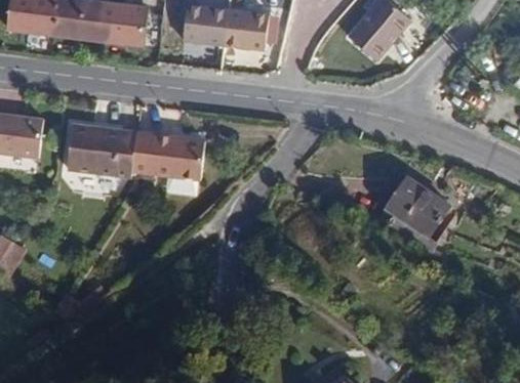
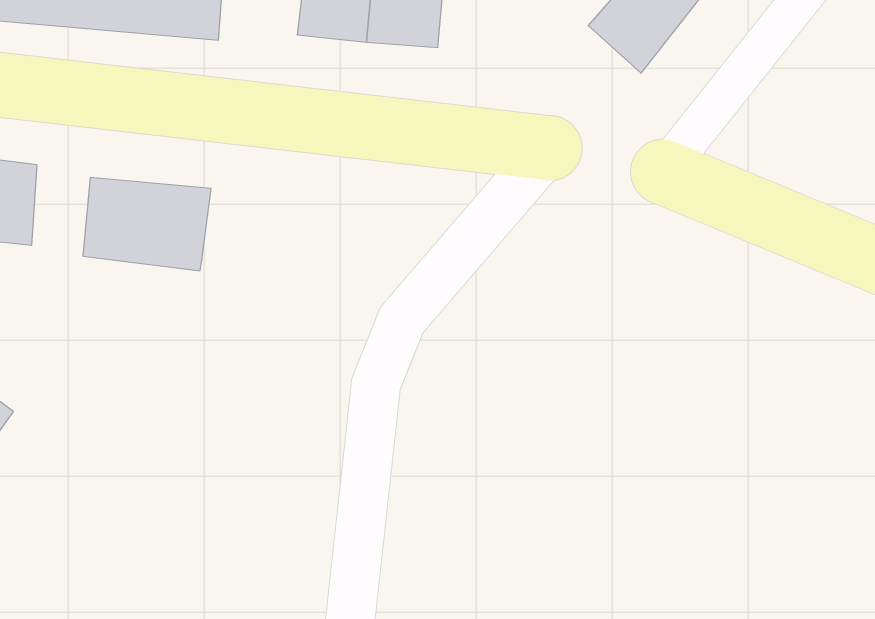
building: [131,127,203,174] -> none
building: [374,175,447,254] -> none

